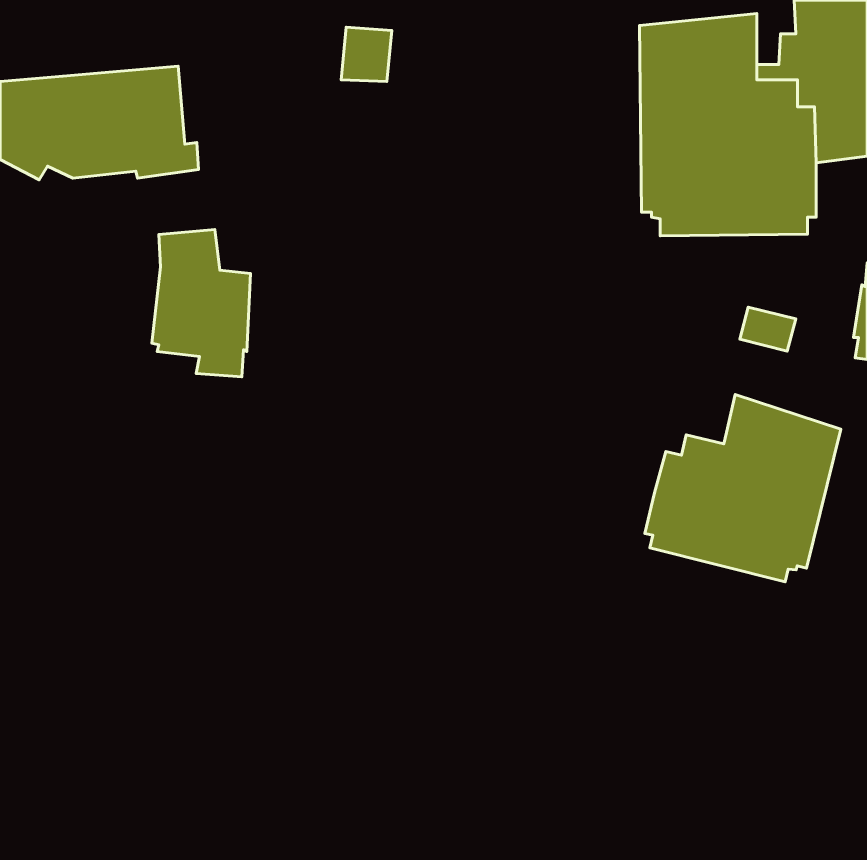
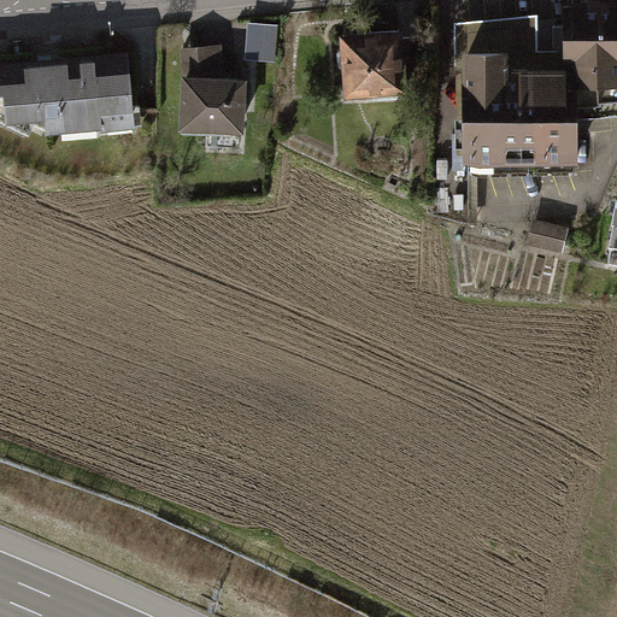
building: none -> [346,31,412,99]
building: [152,229,250,377] -> [176,47,246,152]
building: [645,394,841,582] -> none

